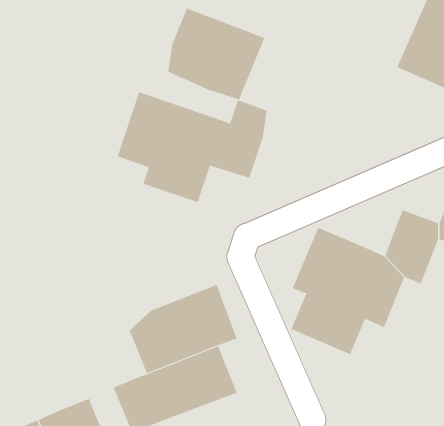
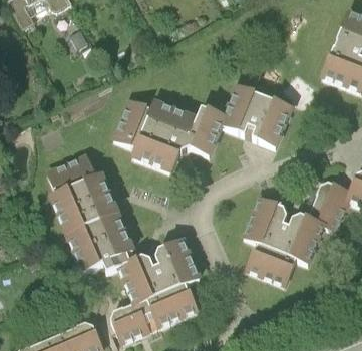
building: [167,8,265,100] -> [217,79,289,147]
building: none -> [41,154,133,275]

